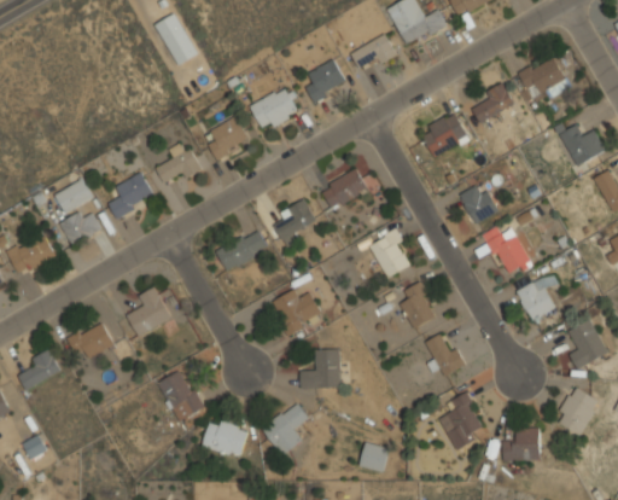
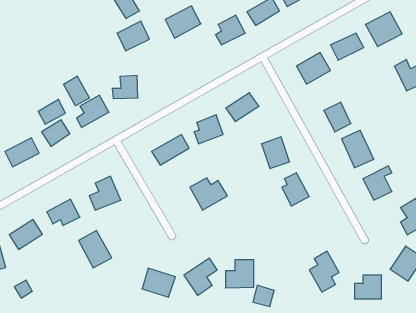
building: [250,86,301,132] -> [165,6,201,38]
building: [204,117,250,159] -> [117,21,149,51]
building: none -> [64,76,89,106]
building: [424,332,464,378] -> none
building: [299,349,339,389] -> [226,260,254,288]
building: [157,370,204,423] -> [79,230,112,268]

